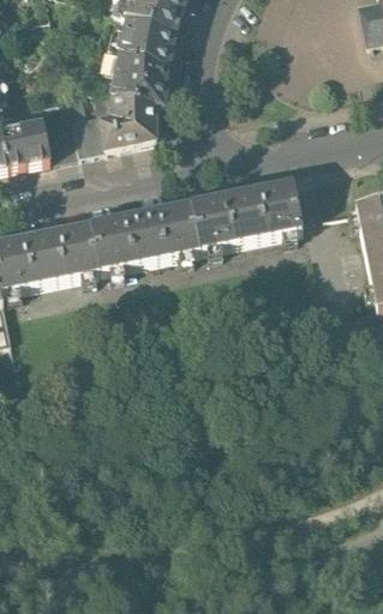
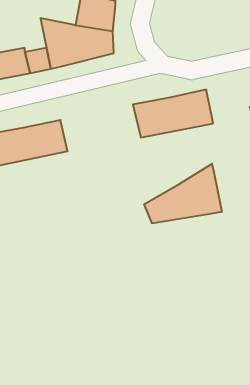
building: [94,199,204,264] -> none
building: none -> [144,164,222,223]

